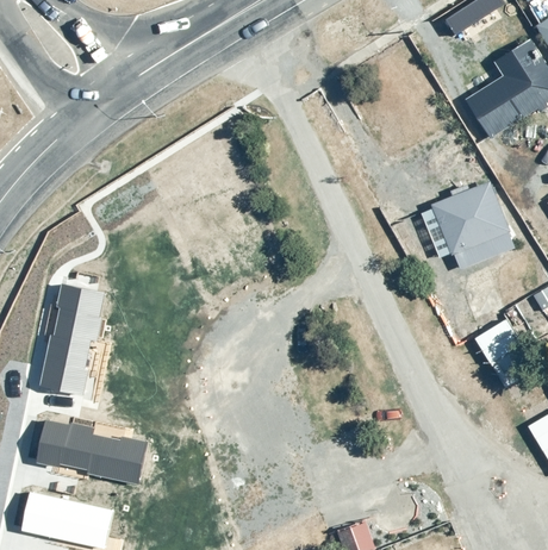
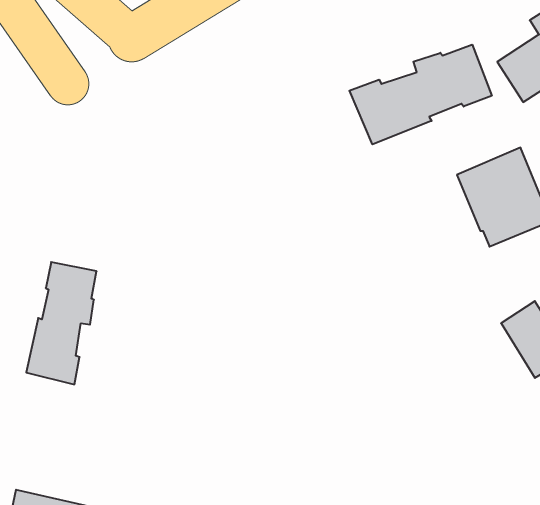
building: none -> [349,45,492,144]
building: [33,420,147,485] -> none

